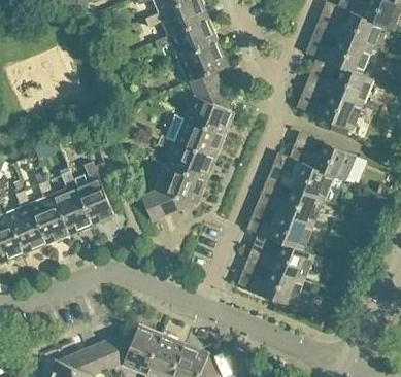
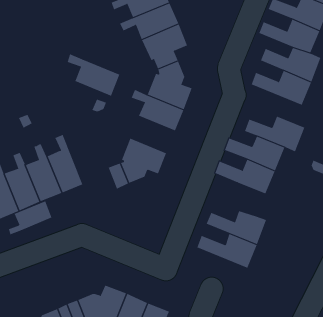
building: [157,136,214,182] -> [67,54,120,96]
building: [246,214,312,250] -> none
building: none -> [8,200,52,235]

